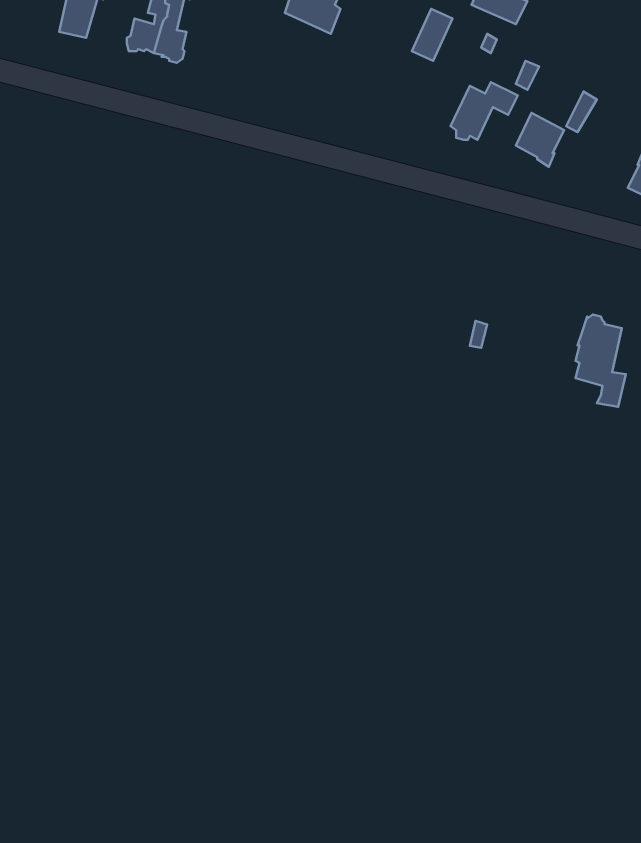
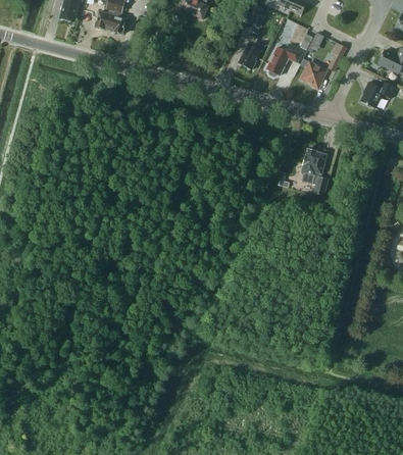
building: none -> [239,34,261,68]
building: [576,315,626,407] -> [302,146,329,195]

